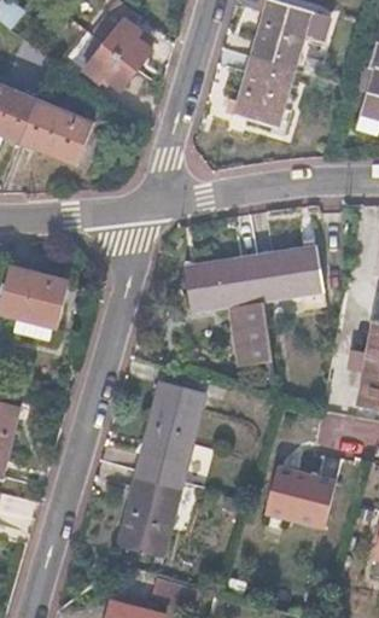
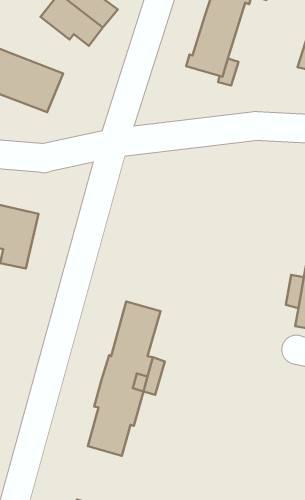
building: [183,245,325,362] -> none
building: [263,468,334,525] -> none

